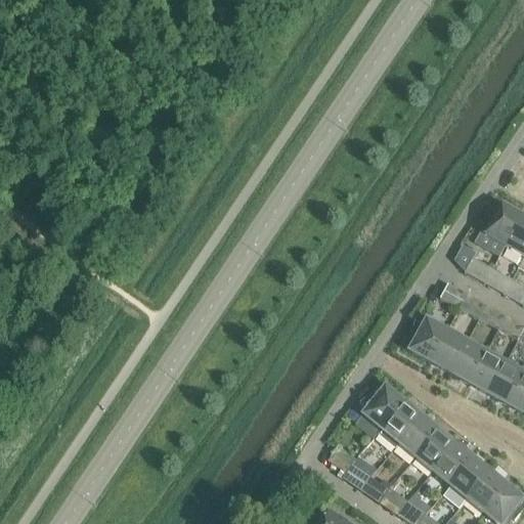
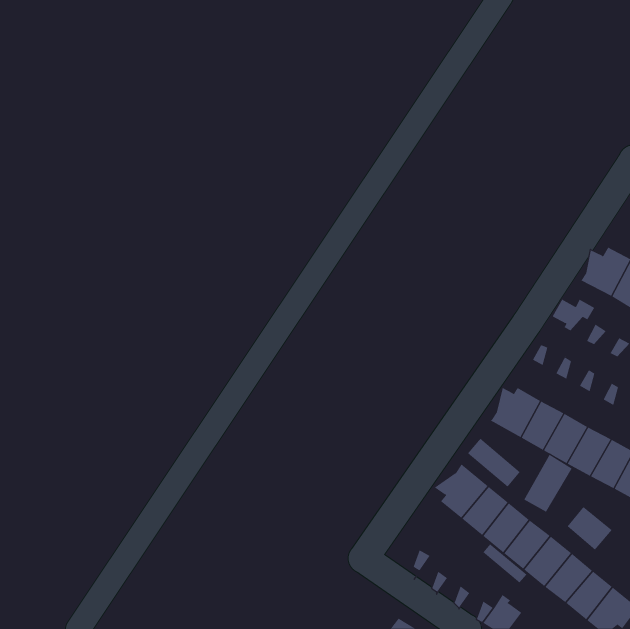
building: none -> [467,438,521,488]
building: none -> [523,454,572,513]
building: none -> [567,506,613,550]

